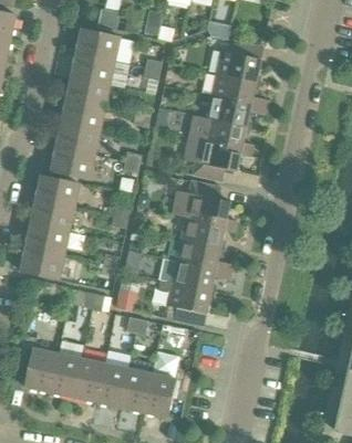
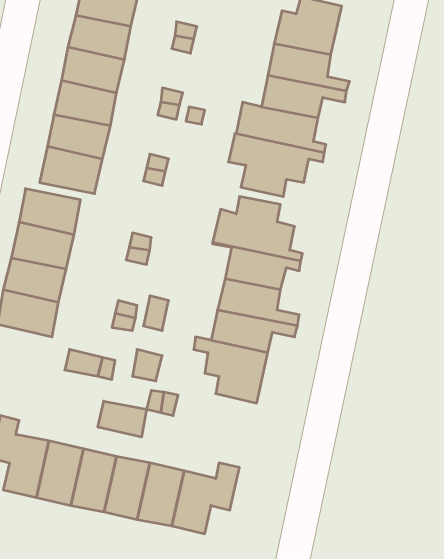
building: none -> [98,401,147,437]

